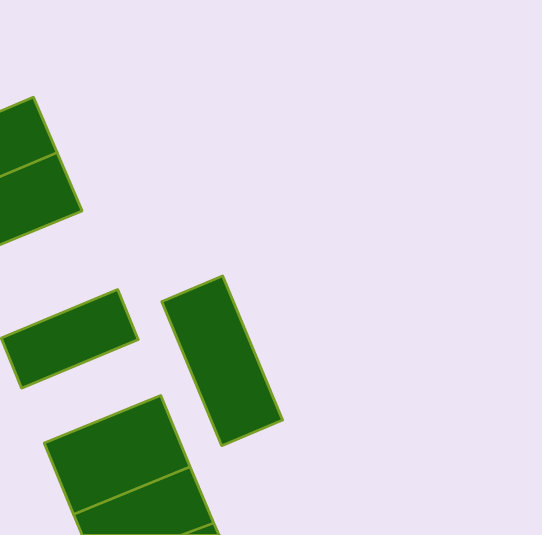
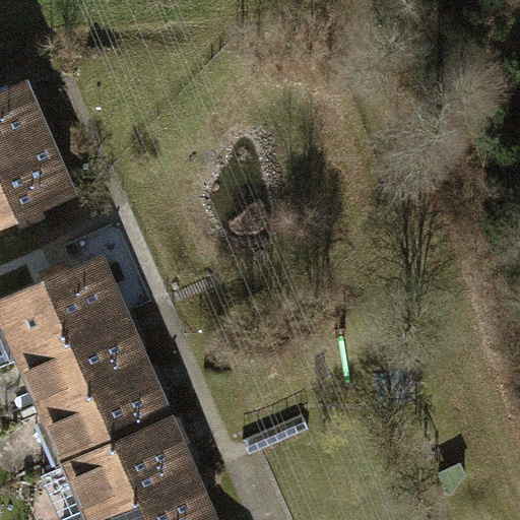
building: [162,276,283,446] -> none
building: none -> [20,319,151,416]

